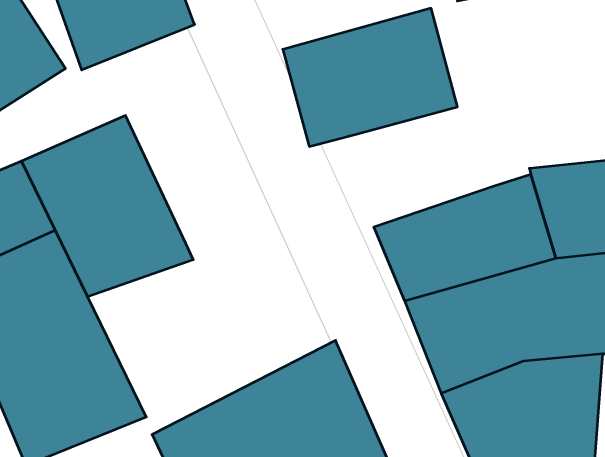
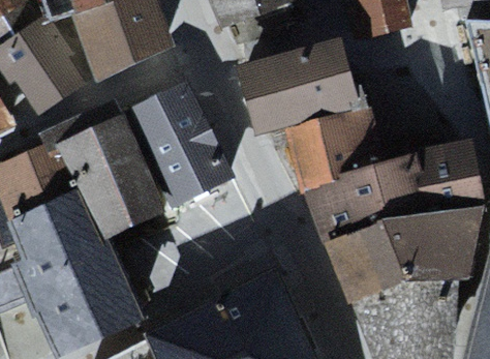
building: none -> [126,82,232,202]
building: none -> [283,102,386,190]

